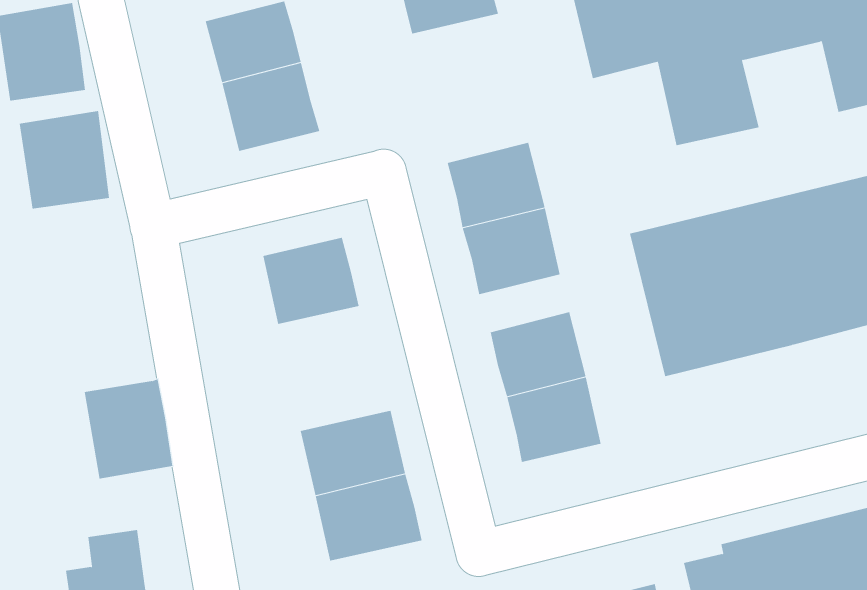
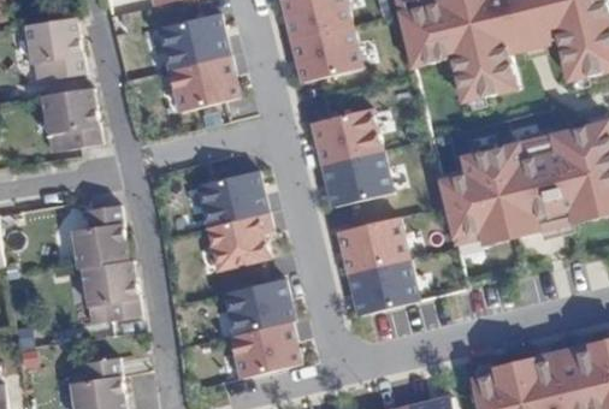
building: none -> [295,24,362,82]
building: none -> [72,204,128,268]
building: none -> [208,213,265,268]

